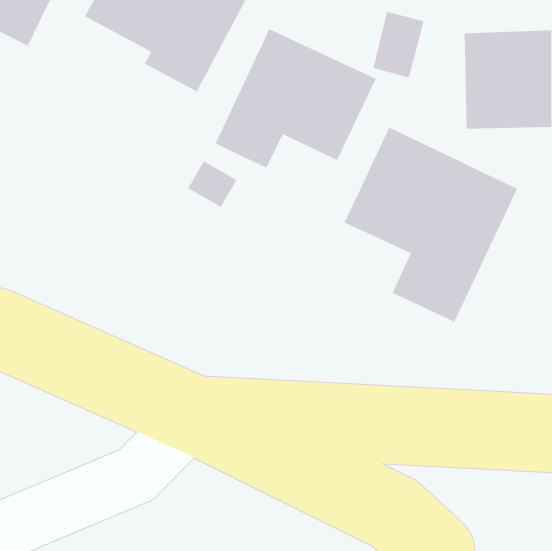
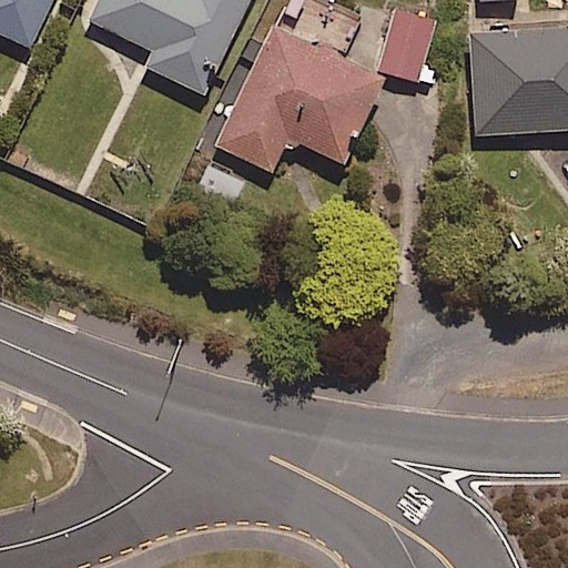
building: [344,126,518,323] -> none

